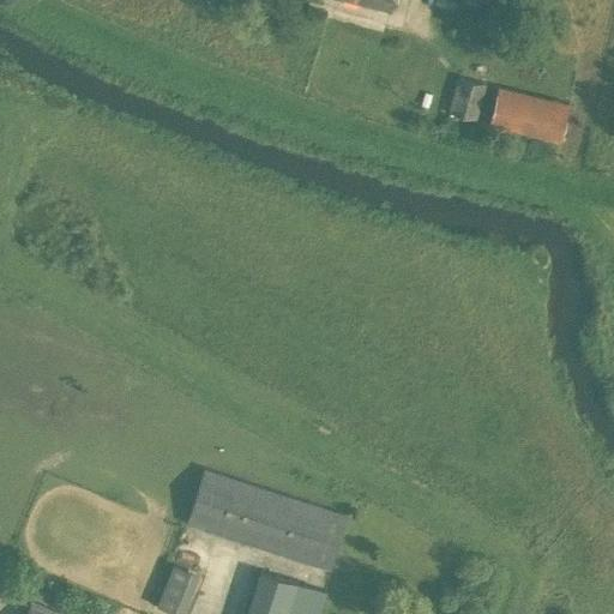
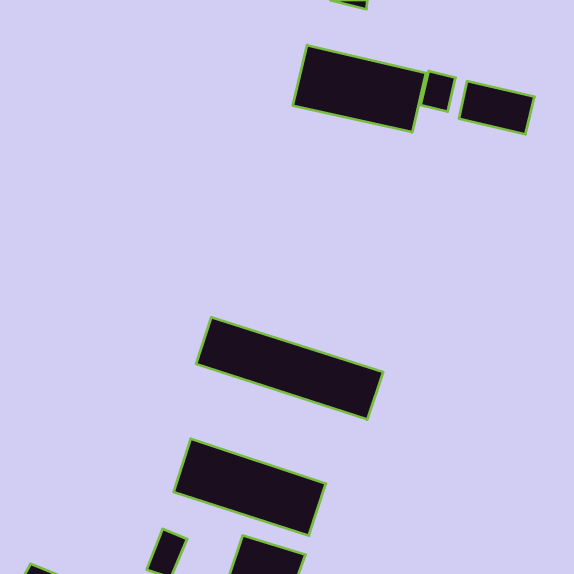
building: none -> [293,45,426,132]
building: none -> [196,317,383,420]

